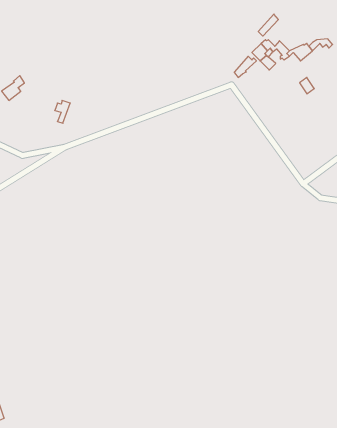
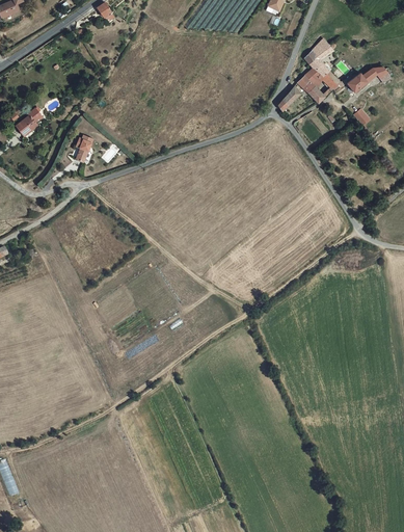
building: none -> [311,45,340,75]

